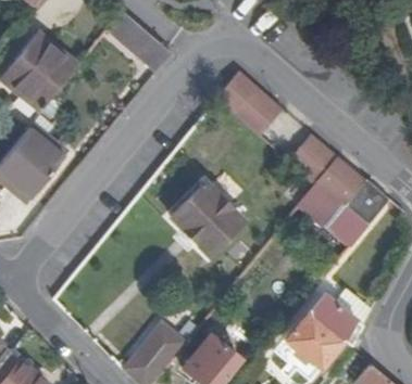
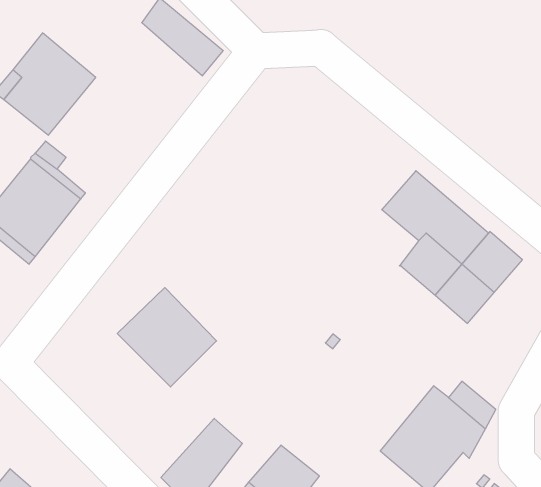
building: [221,72,283,138] -> none
building: [171,182,244,255] -> [117,288,217,387]

